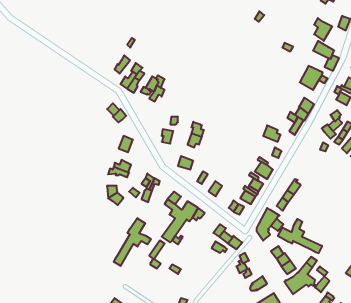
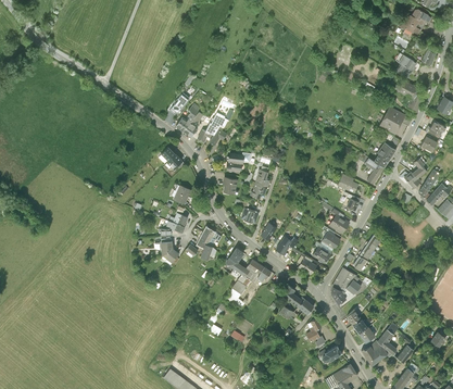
building: [114,218,151,266] -> none
building: [278,219,322,253] -> none

